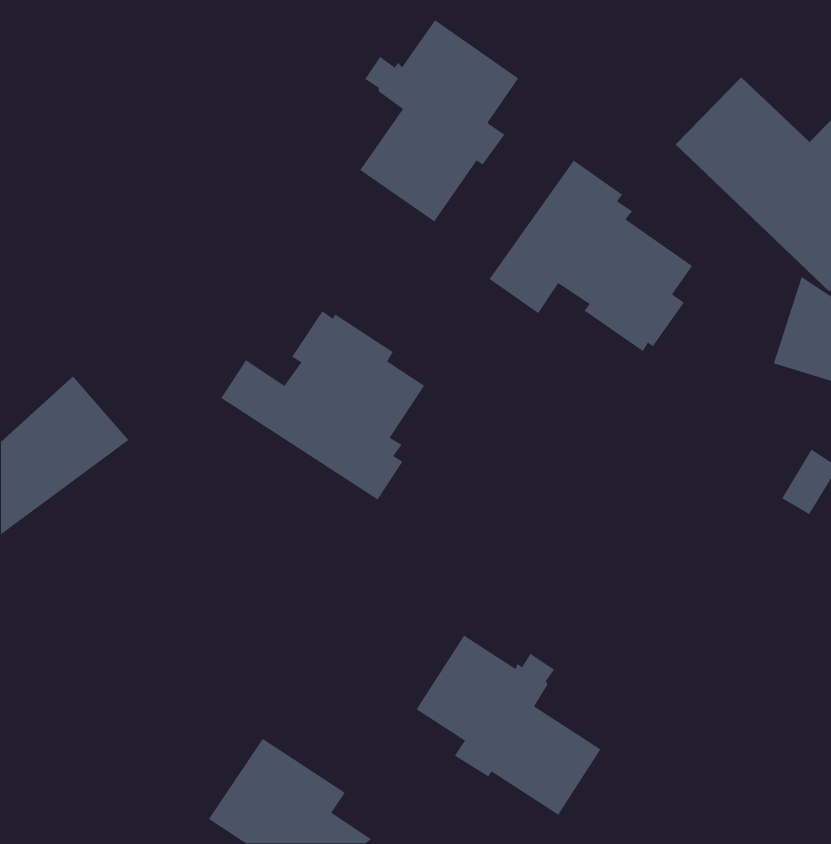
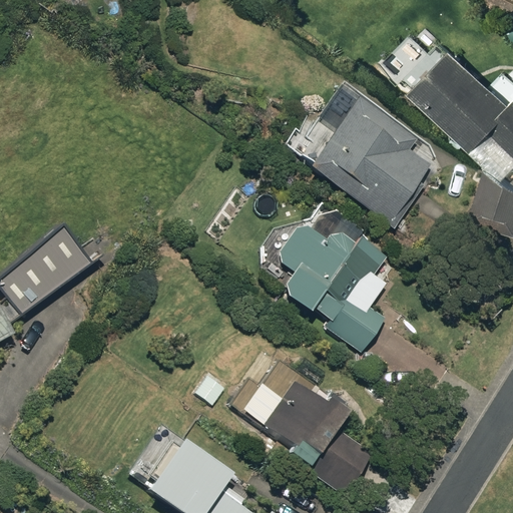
building: [359,19,519,223] -> none
building: [220,310,425,501] -> none
building: none -> [274,213,389,352]

